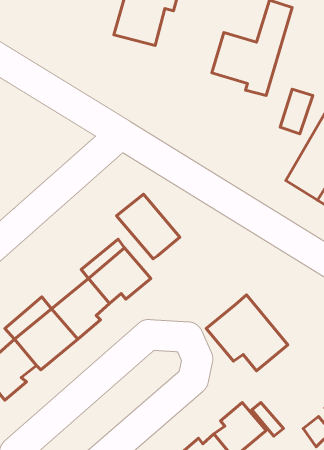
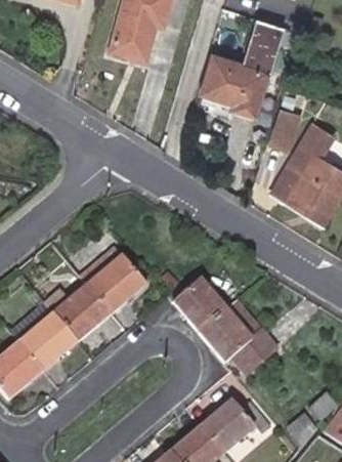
building: [116,194,180,259] -> none
building: none -> [172,280,225,332]

